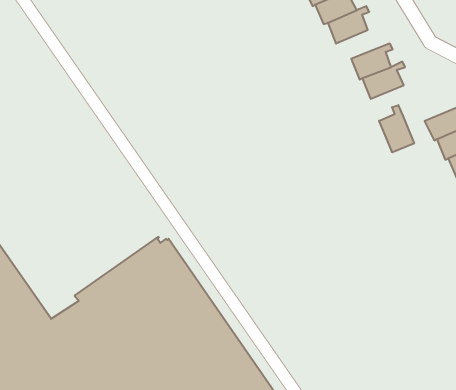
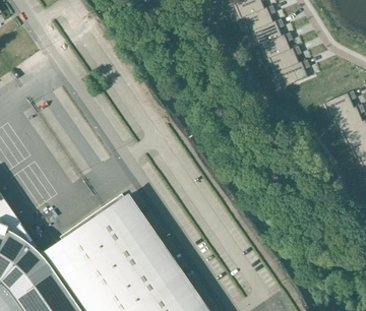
building: none -> [260,35,291,61]
building: [379,105,414,152] -> none

